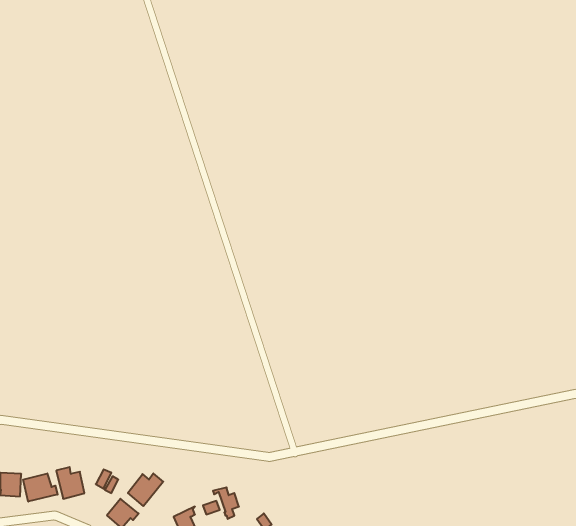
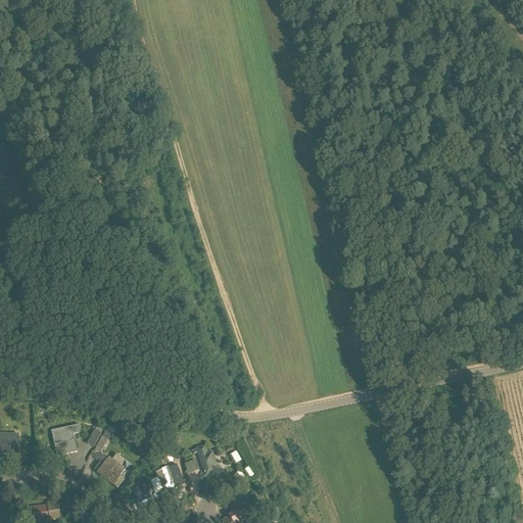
building: [23,473,58,502] -> none
building: [128,473,163,506] -> none

